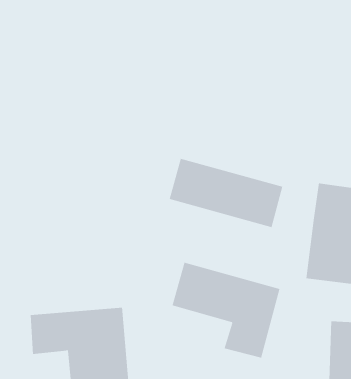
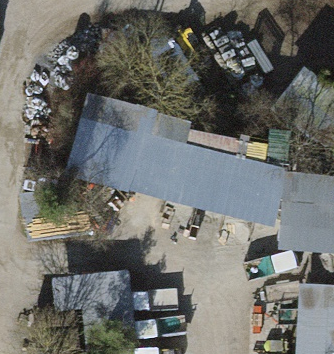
building: none -> [67,90,144,200]
building: [172,262,280,359] -> none

